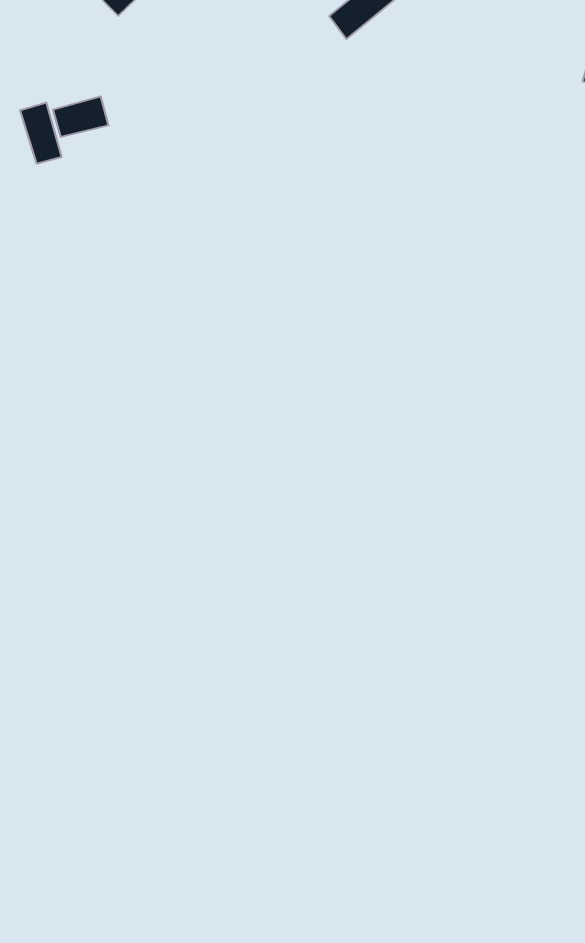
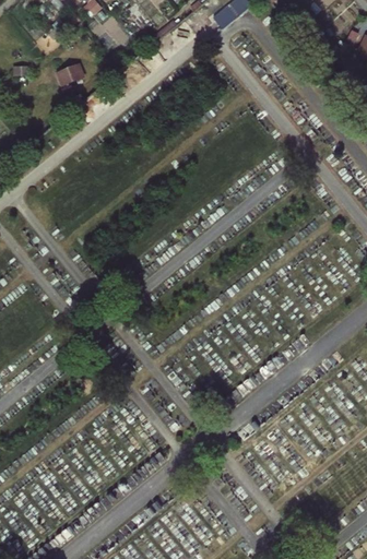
building: [20,103,62,164] -> none

